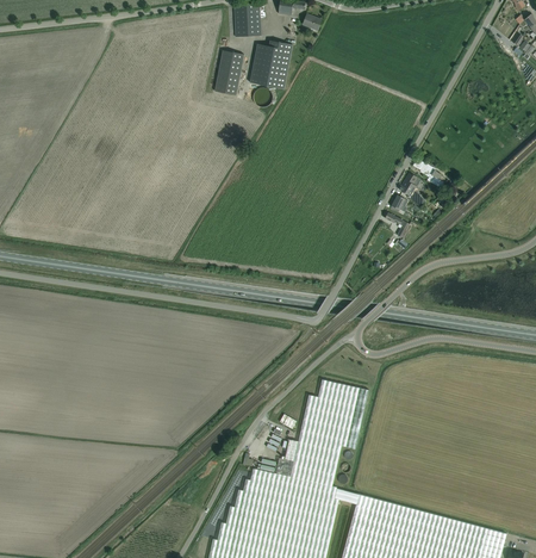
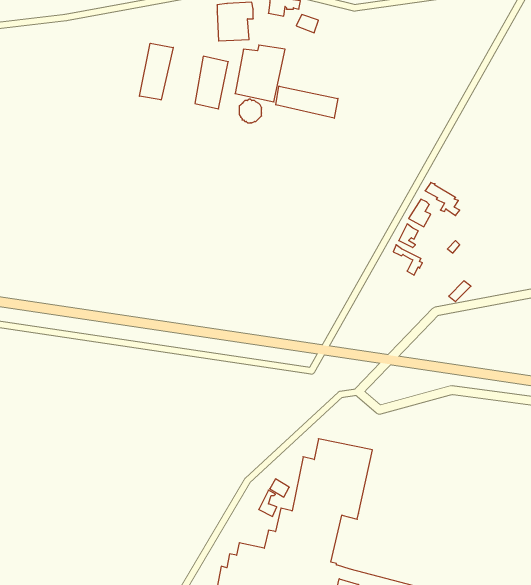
building: none -> [139,43,173,100]
building: none -> [276,86,338,118]

